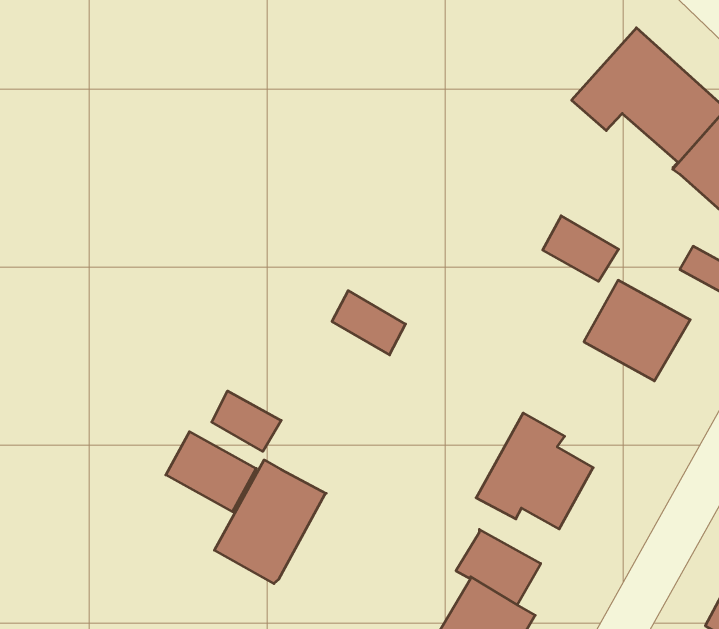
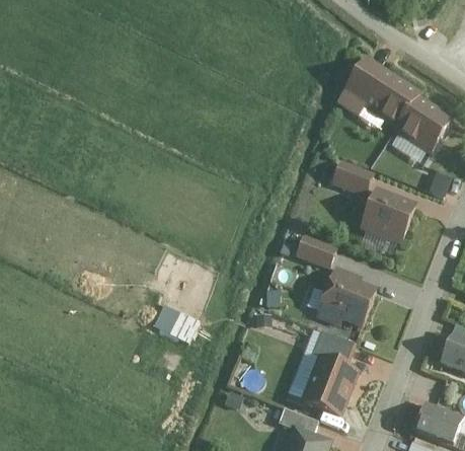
building: [332,291,406,355] -> [296,236,334,267]
building: [212,391,281,451] -> none
building: [214,460,326,584] -> none

